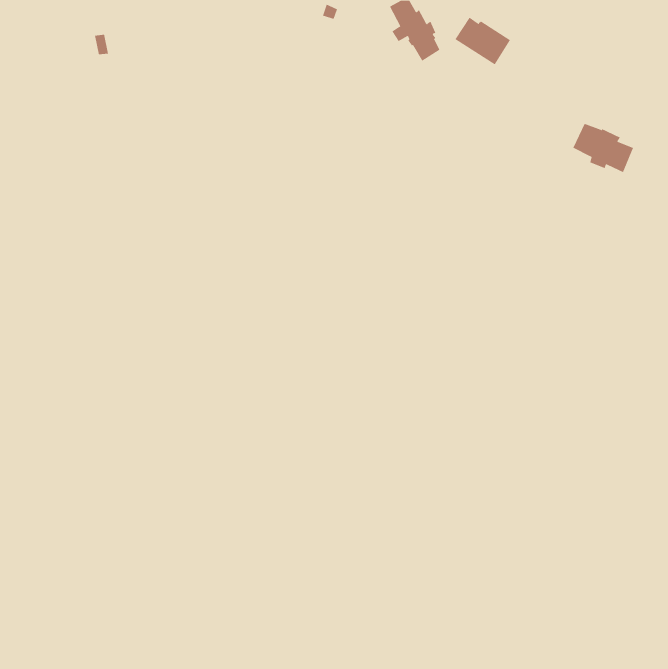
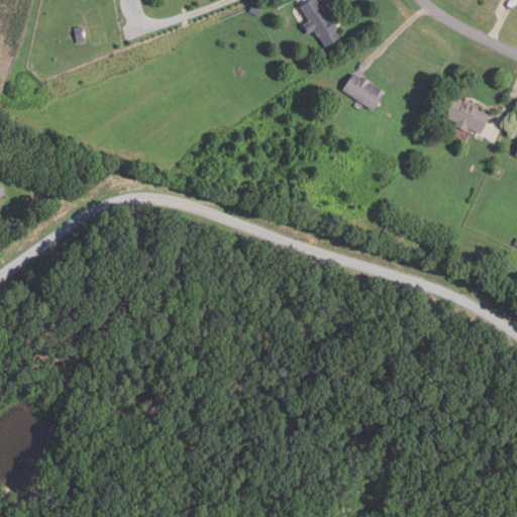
building: [455,17,511,65] -> [341,73,385,110]

